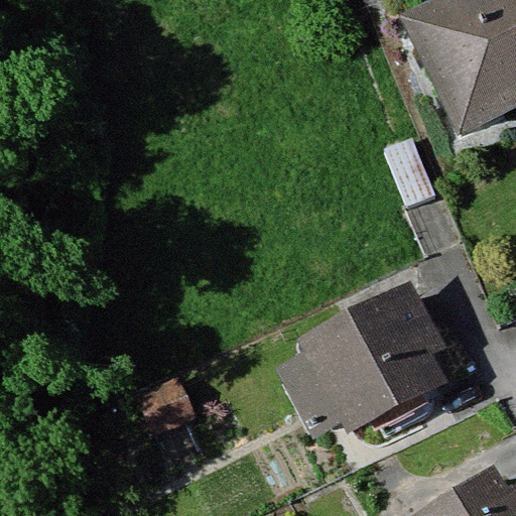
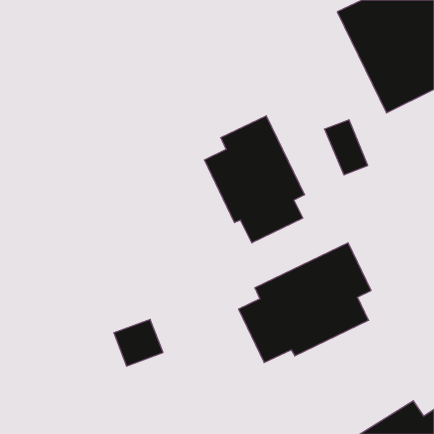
building: none -> [204,116,304,243]

